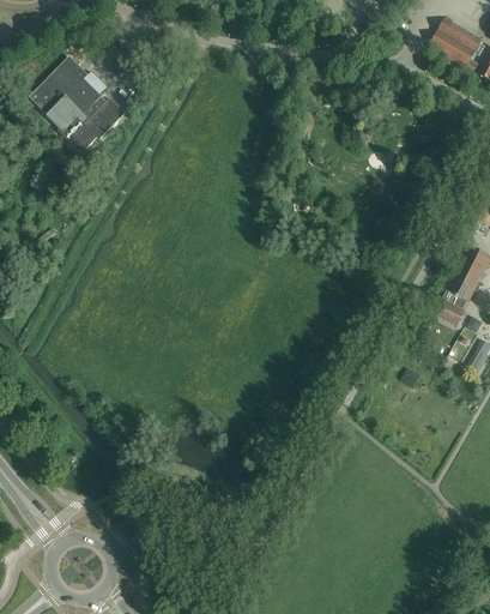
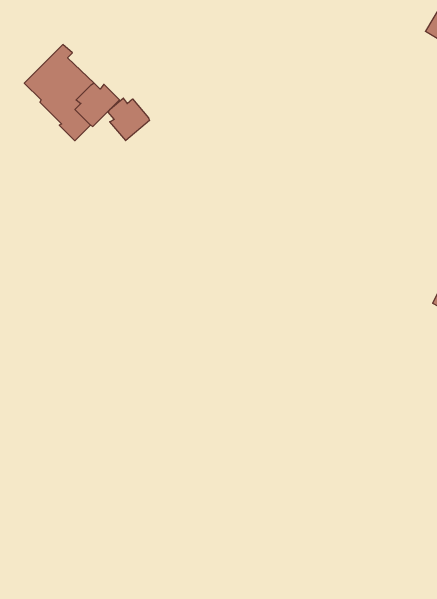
building: none -> [108,98,150,141]

